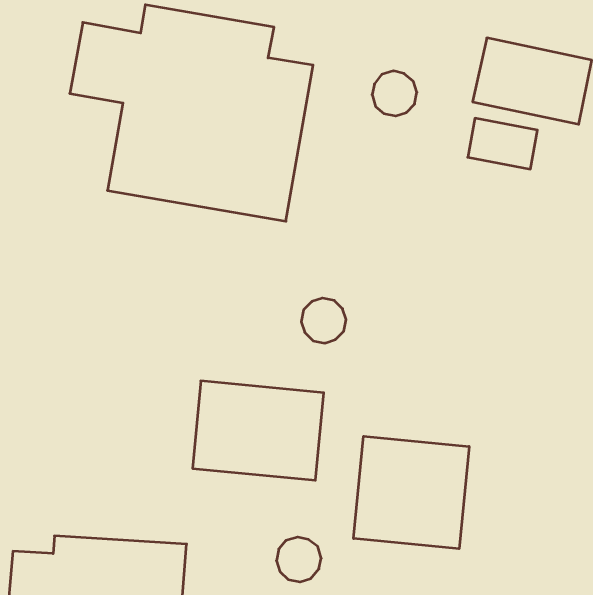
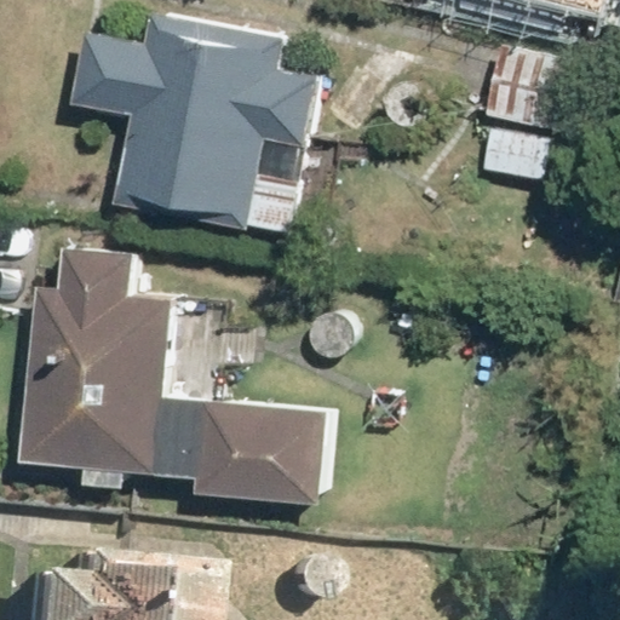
building: none -> [19,247,171,473]
building: [354,436,469,549] -> none

